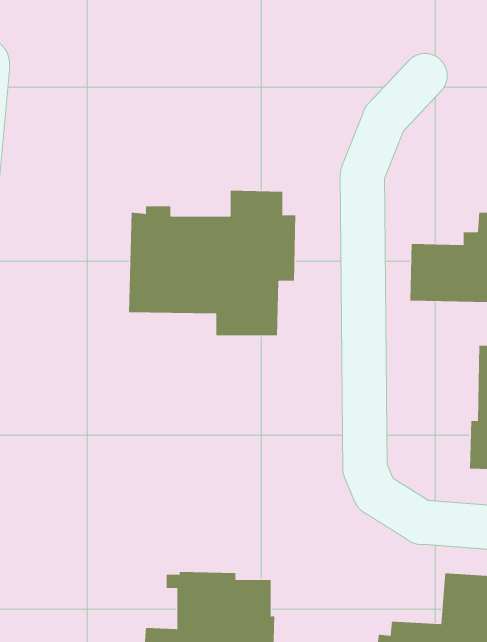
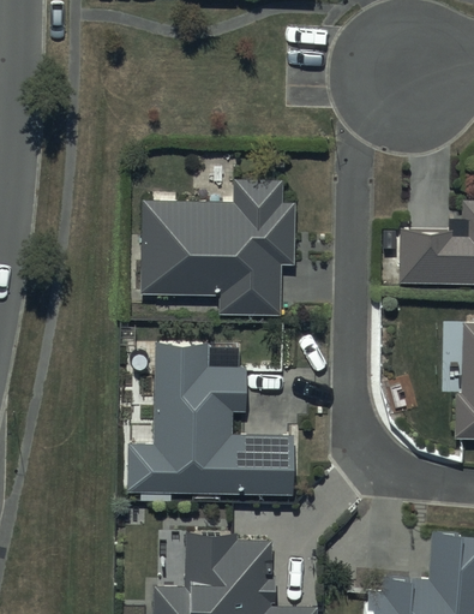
building: none -> [127,346,293,495]

